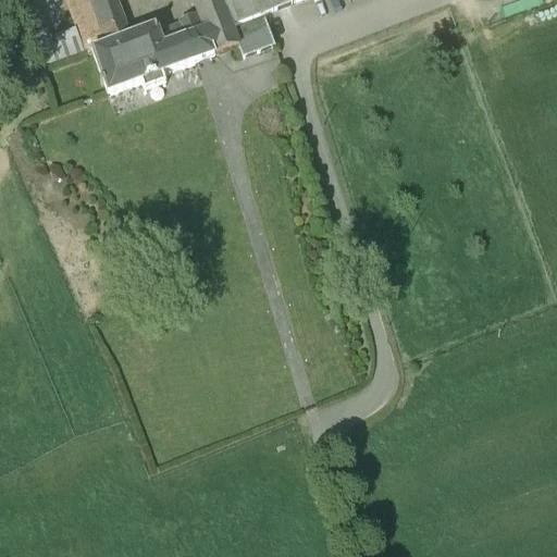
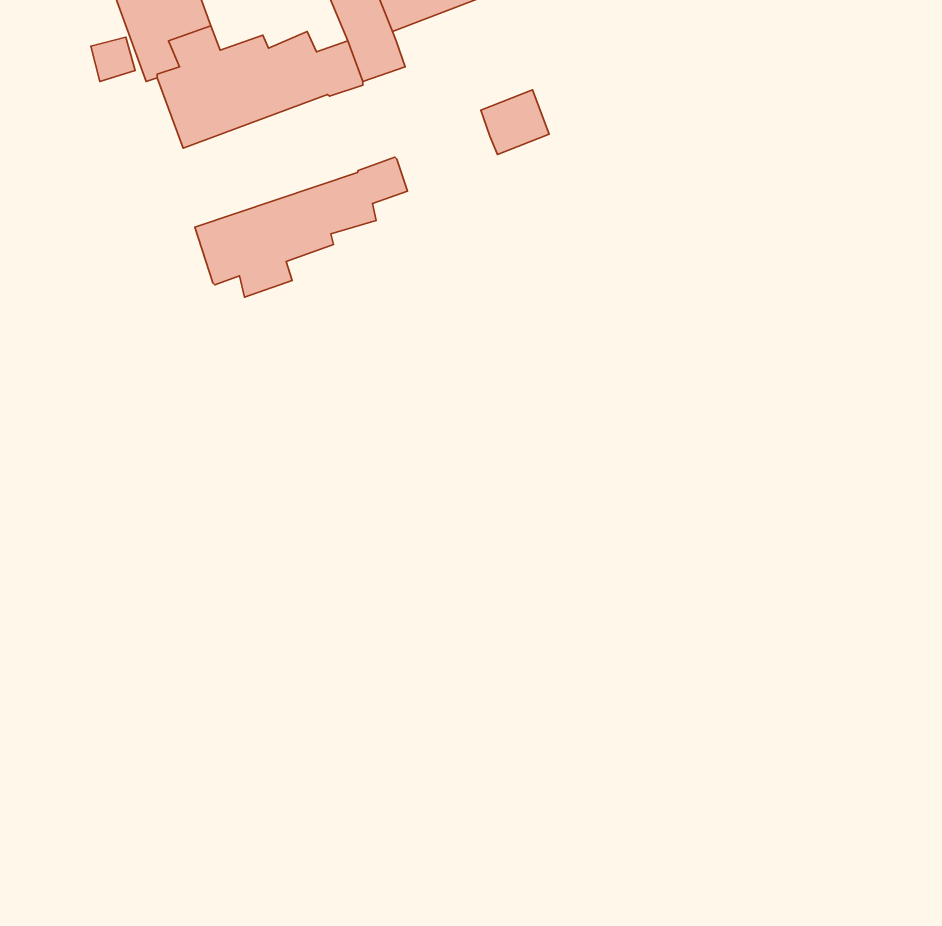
building: [235,12,275,50] -> [481,90,549,155]
building: none -> [195,157,408,297]

